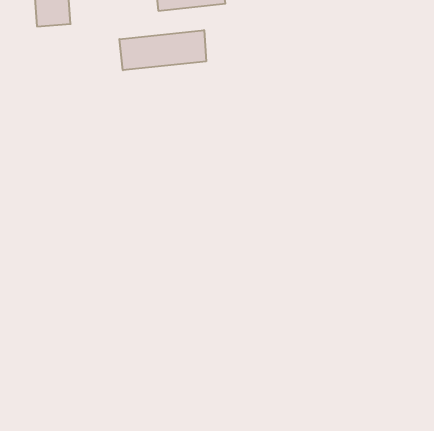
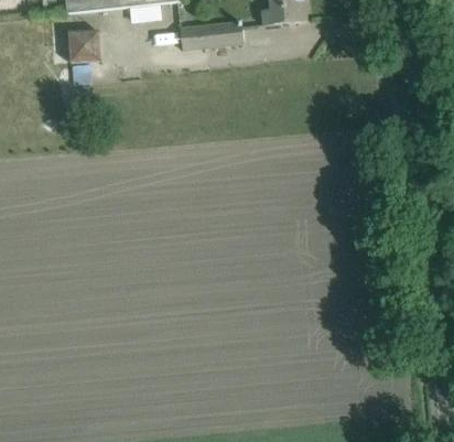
building: [119,30,206,70] -> none

